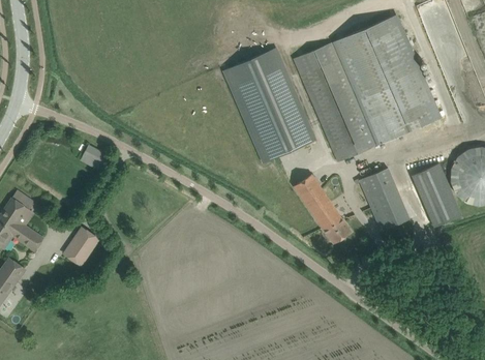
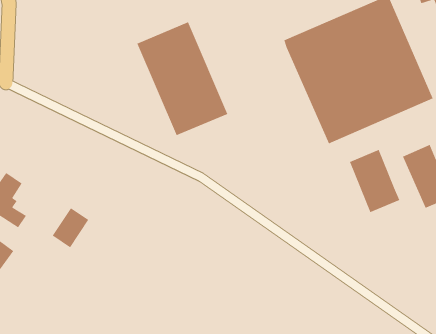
building: [223,49,314,162] -> [136,22,228,136]
building: [79,145,112,172] -> none
building: [293,173,351,244] -> none

